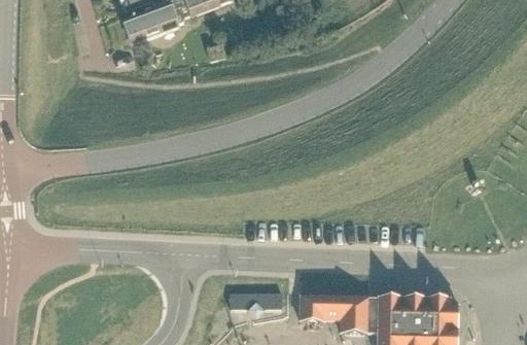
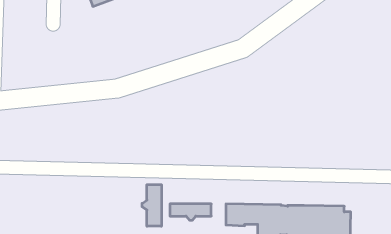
building: none -> [142,185,161,226]

